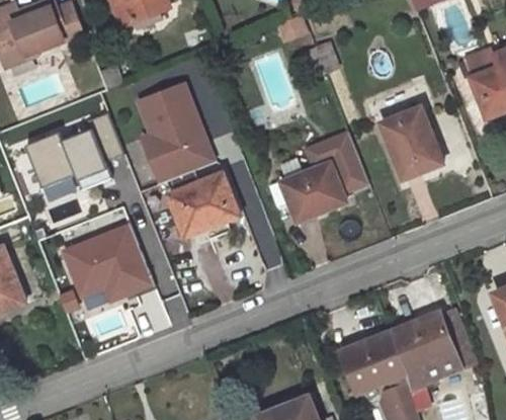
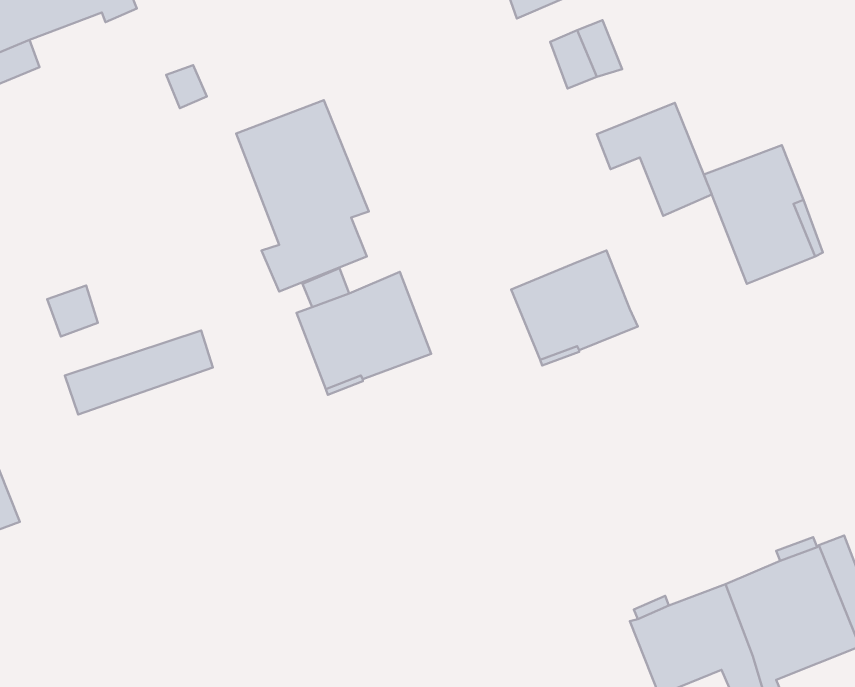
building: [19,130,99,186] -> none
building: [308,134,367,192] -> [597,103,712,216]
building: [58,227,146,302] -> none

